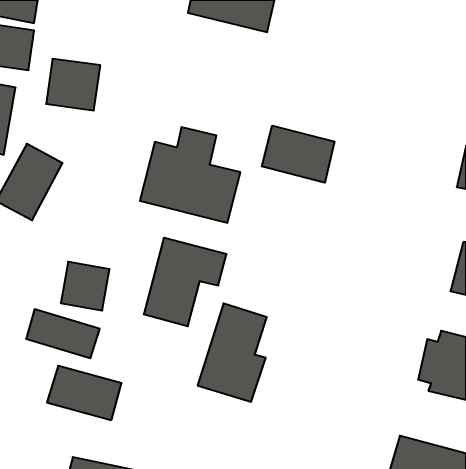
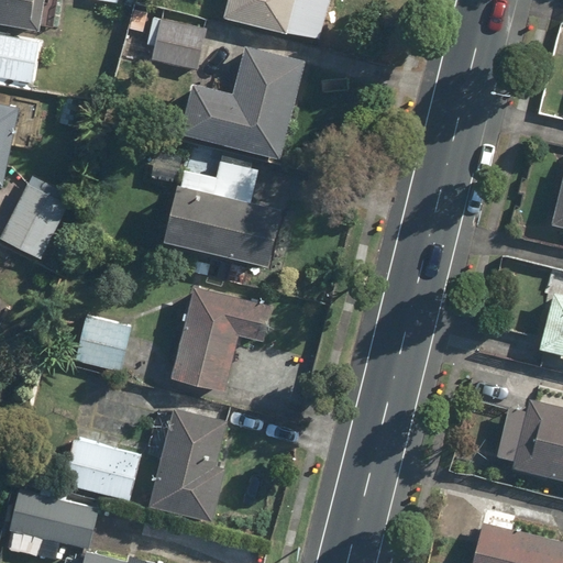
building: none -> [178,45,305,159]
building: [46,59,100,110] -> [146,12,211,74]
building: [262,126,334,183] -> none
building: [198,303,267,402] -> [146,405,229,522]
building: [26,309,100,358] -> [8,486,96,544]

